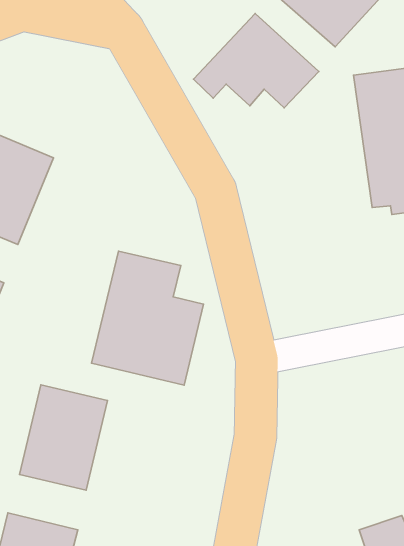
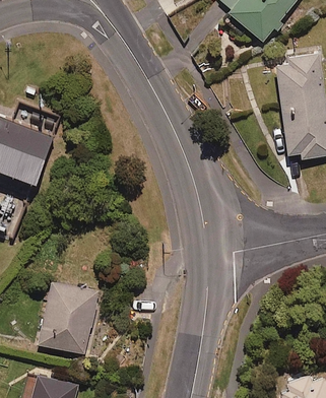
building: [193,13,319,108] -> none
building: [92,251,203,385] -> none

